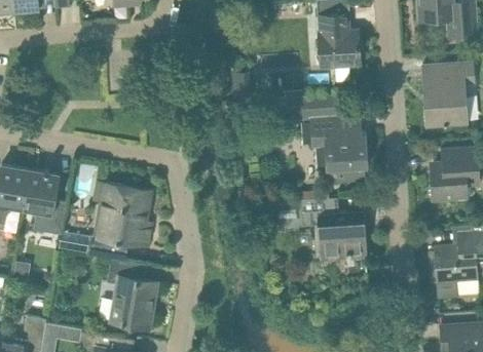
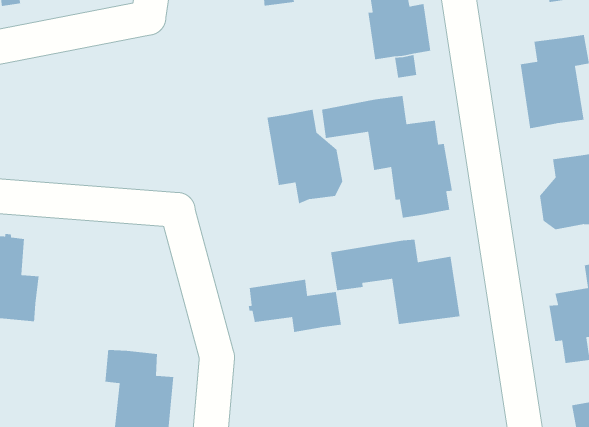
building: none -> [267,109,343,205]
building: [59,181,152,261] -> none
building: none -> [248,279,342,333]

